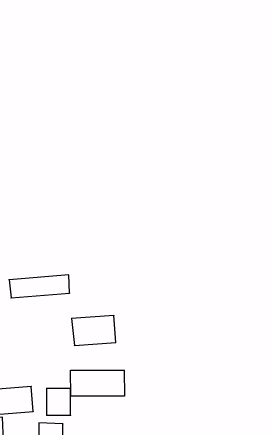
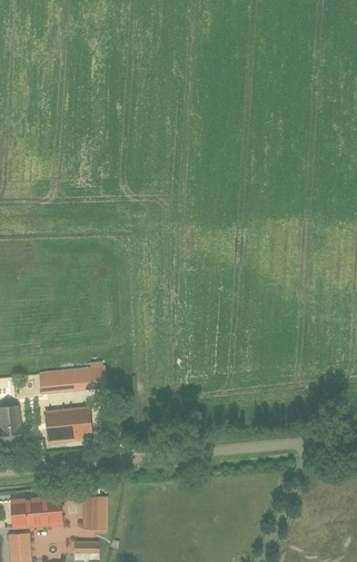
building: [72,316,116,345] -> [41,407,92,442]
building: [71,370,124,396] -> none

